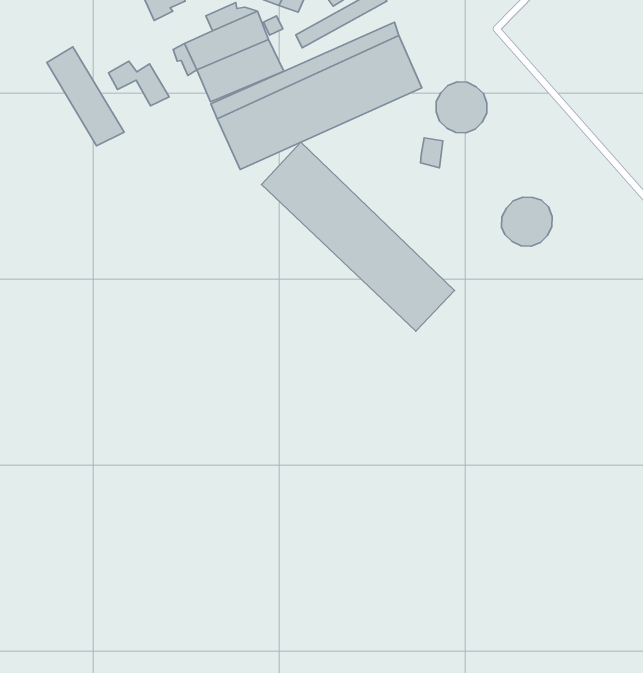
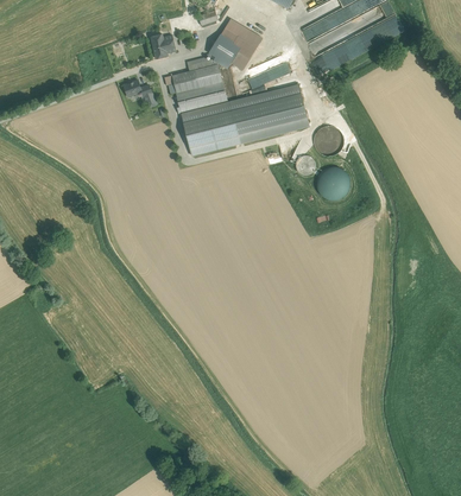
building: [47,47,124,146] -> none
building: [261,142,454,331] -> none
building: [502,197,552,246] -> [318,170,349,199]

